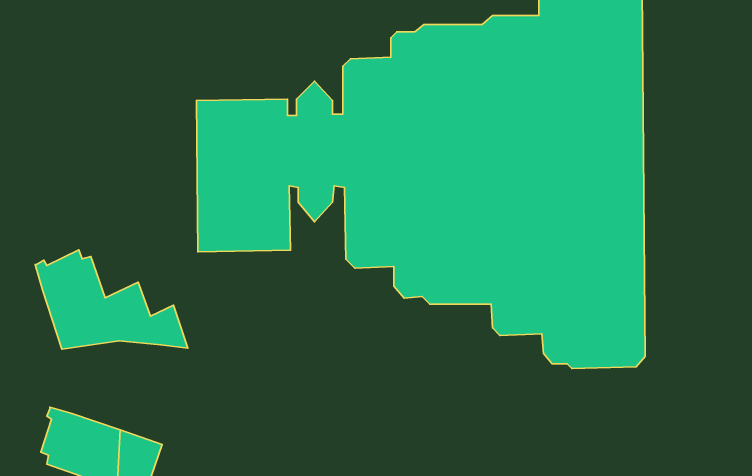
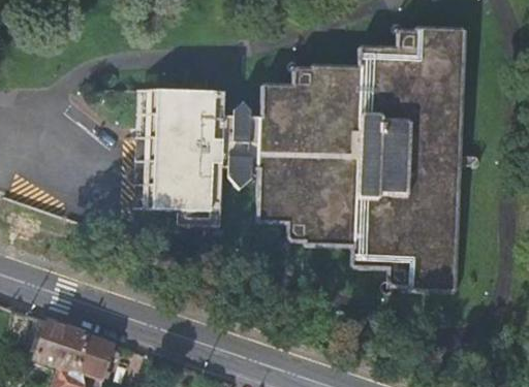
building: none -> [131,93,207,211]
building: [35,250,188,349] -> none

